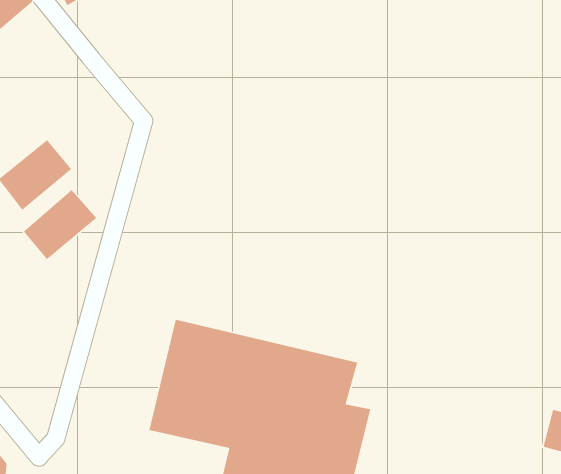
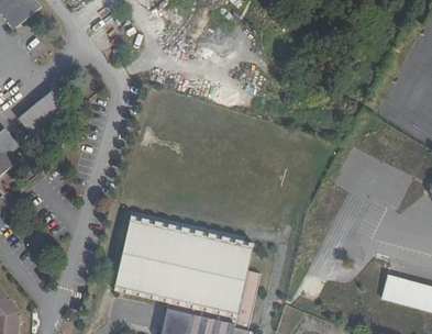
building: [23,189,97,260] -> none

